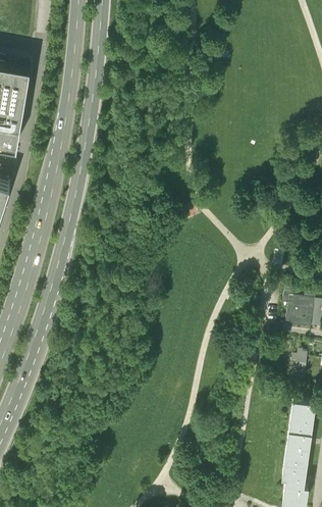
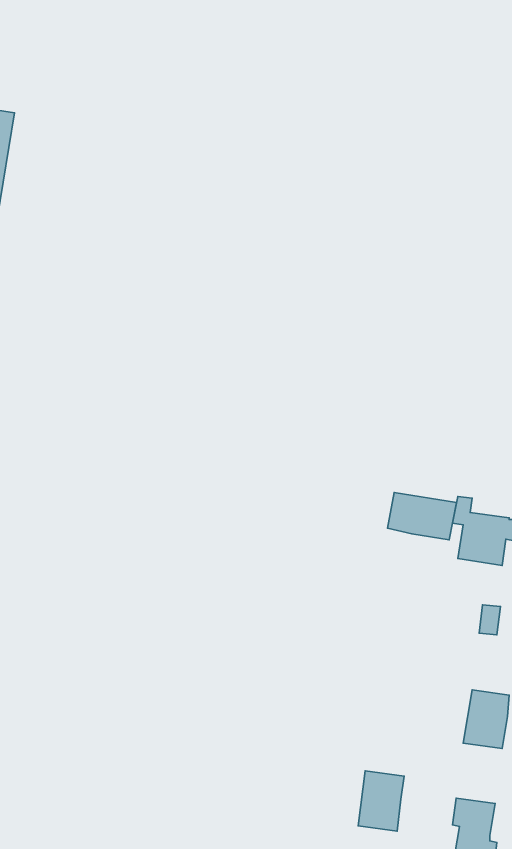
building: none -> [388,493,457,540]
building: [283,434,310,468] -> [358,771,404,831]

